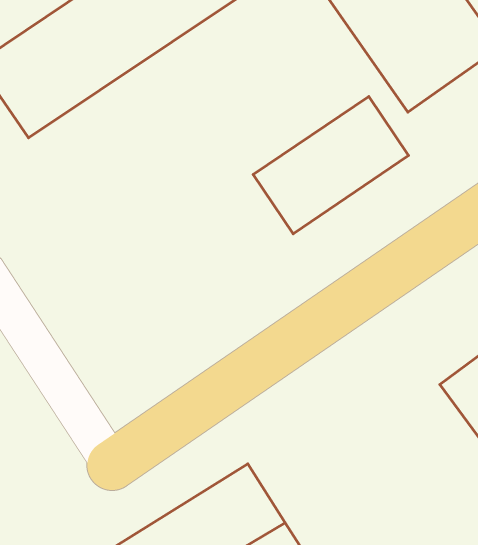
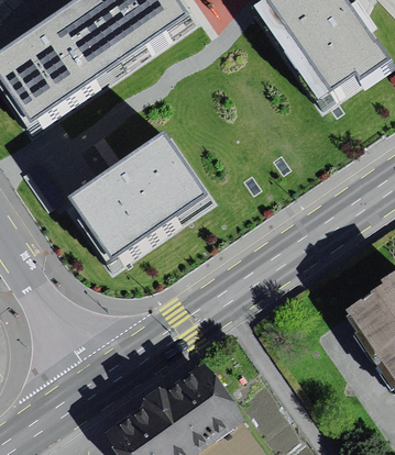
building: [253,96,409,234] -> none
building: none -> [68,127,212,259]

